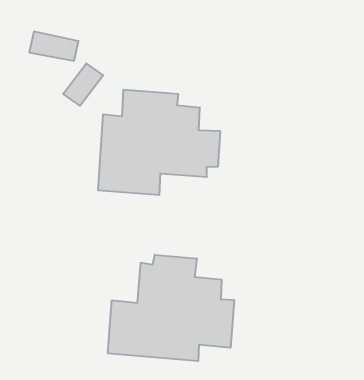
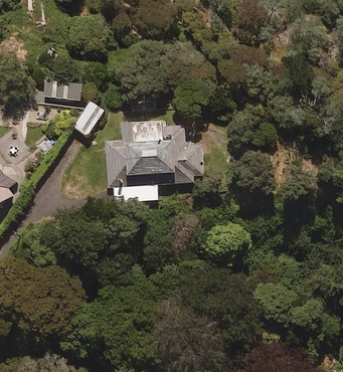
building: [108,255,234,361] -> none

